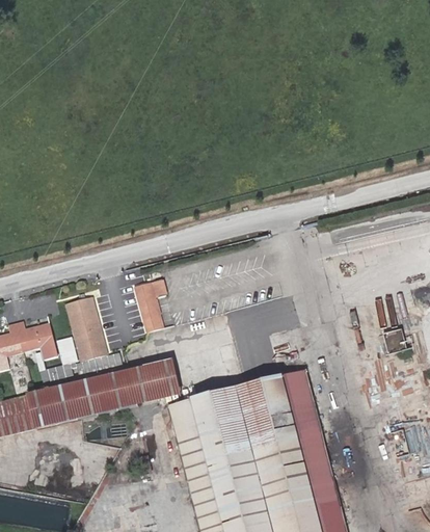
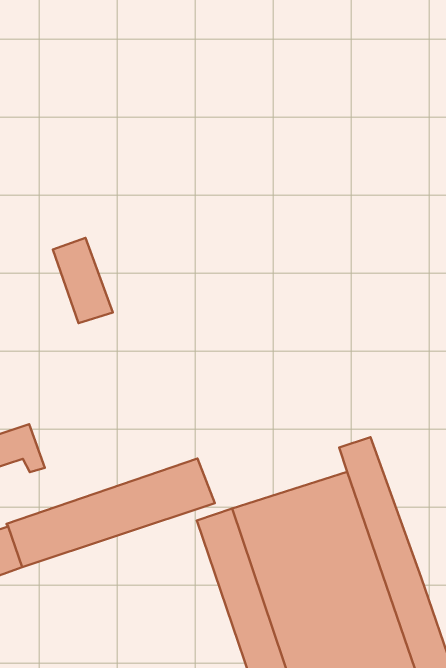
building: [137,287,169,339] -> none
building: [69,295,108,357] -> [53,238,113,323]

